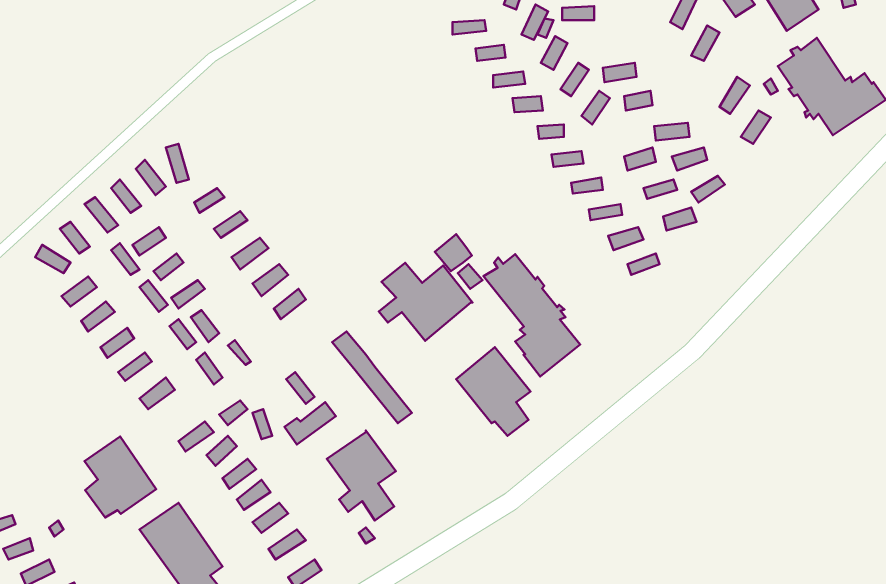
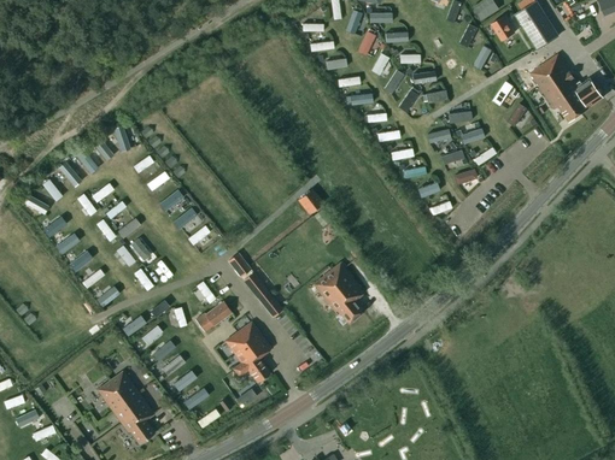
building: [484,254,580,376] -> none
building: [379,263,473,341] -> none
building: [85,436,156,518] -> none

